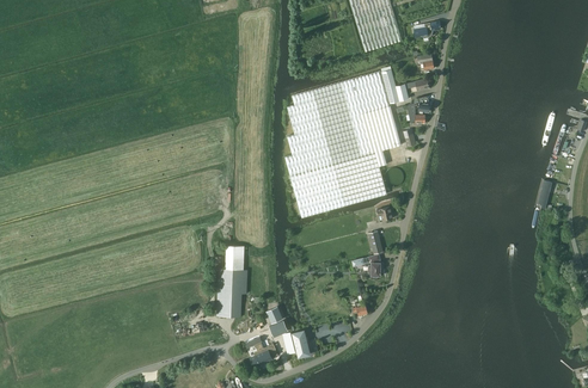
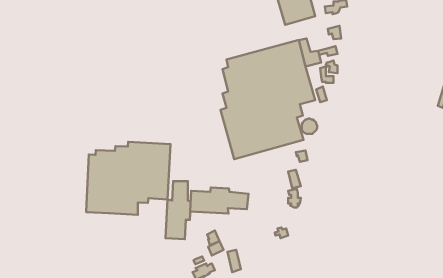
building: none -> [86,142,170,215]
building: none -> [190,188,248,214]

